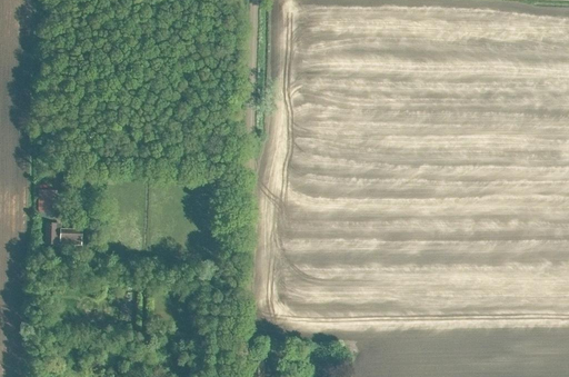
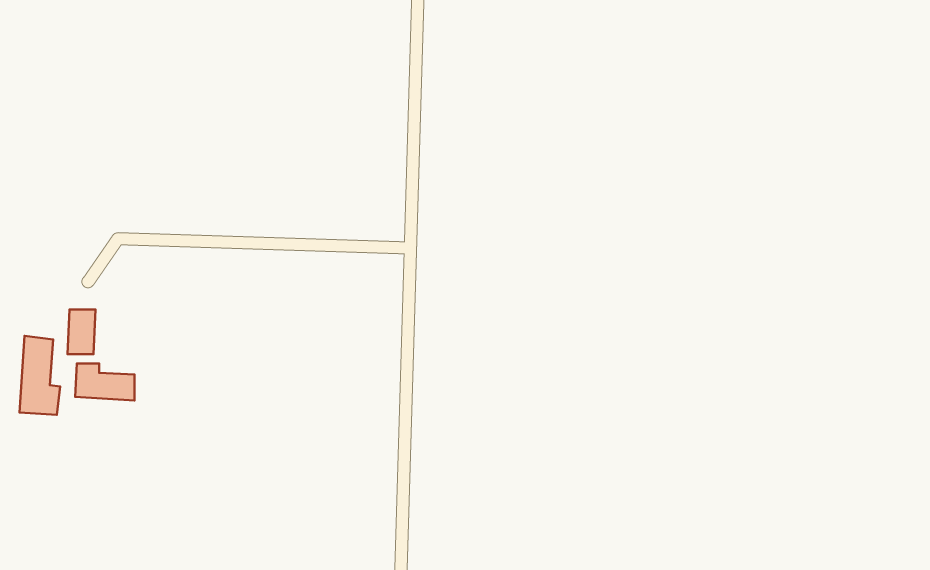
building: none -> [20,336,60,415]

